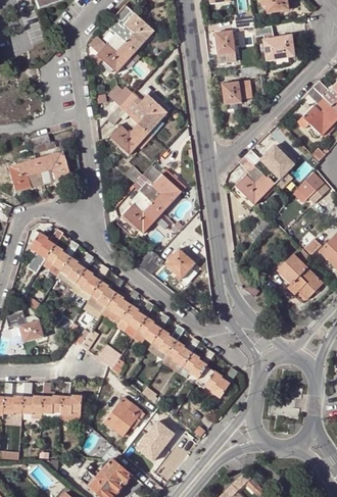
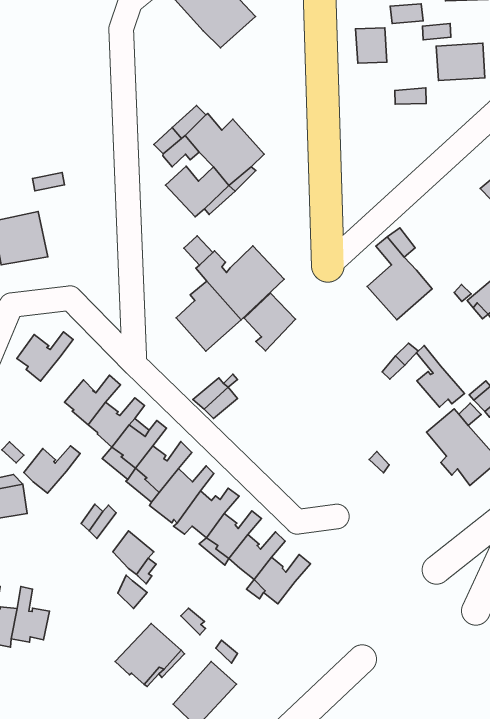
building: [96,42,135,71] -> none
building: [221,80,251,104] -> none
building: [263,145,293,184] -> none
building: [35,151,69,185] -> none
building: none -> [416,345,464,407]
building: [45,241,78,270] -> [24,446,80,493]
building: [164,247,195,282] -> [244,293,296,351]
building: [195,365,238,398] -> none
building: [60,383,82,421] -> none

